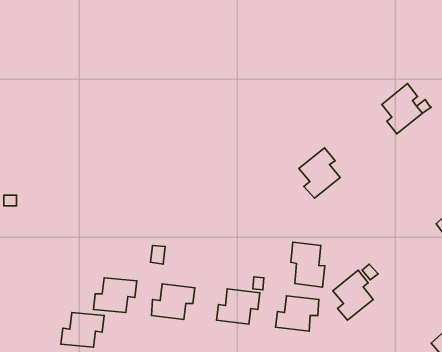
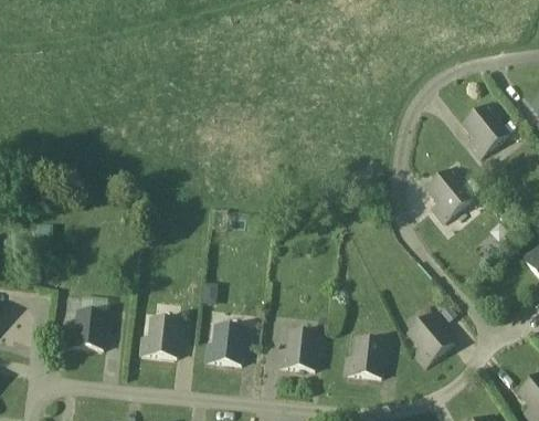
building: [299,148,340,198] -> [425,164,472,220]
building: [291,242,325,287] -> none
building: [61,313,104,347] -> [65,309,114,348]

